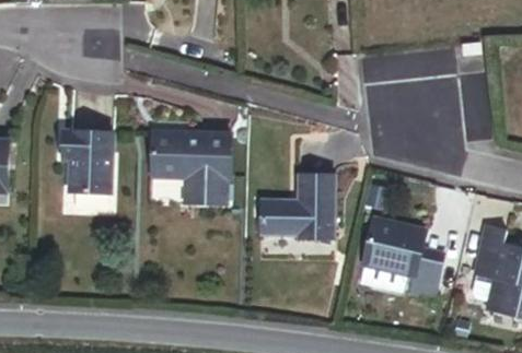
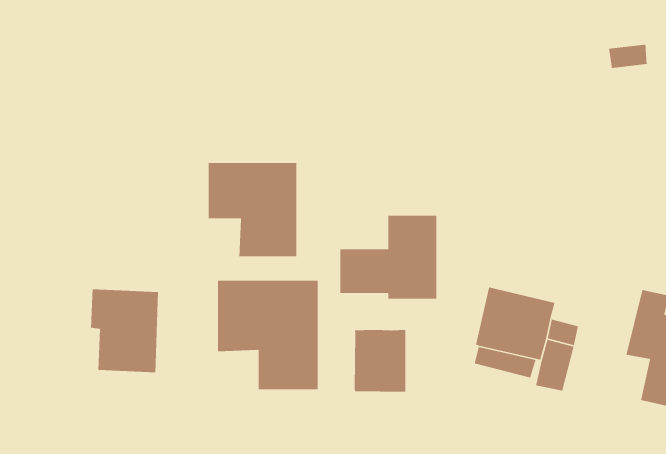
building: [61,140,113,203] -> [90,289,159,373]
building: none -> [217,280,319,390]
building: none -> [354,329,406,393]

